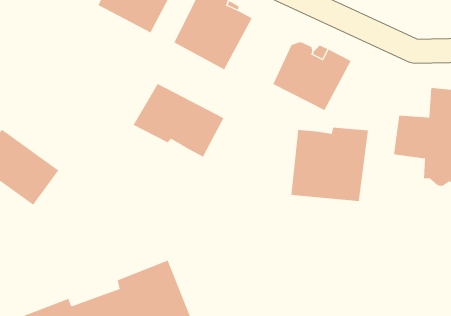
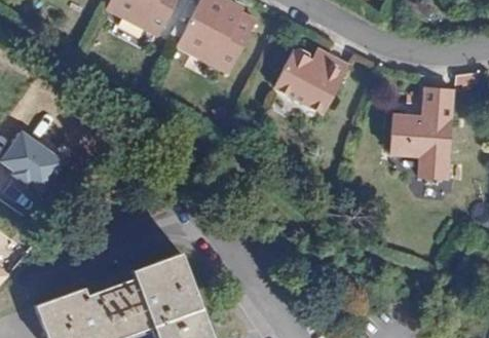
building: [133,83,224,157] -> none
building: [291,127,369,202] -> none

